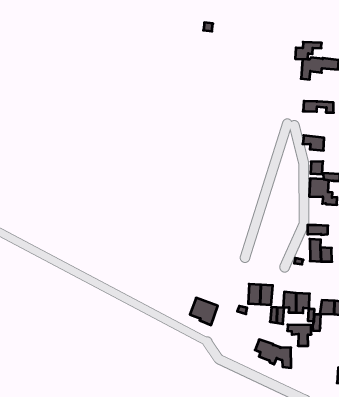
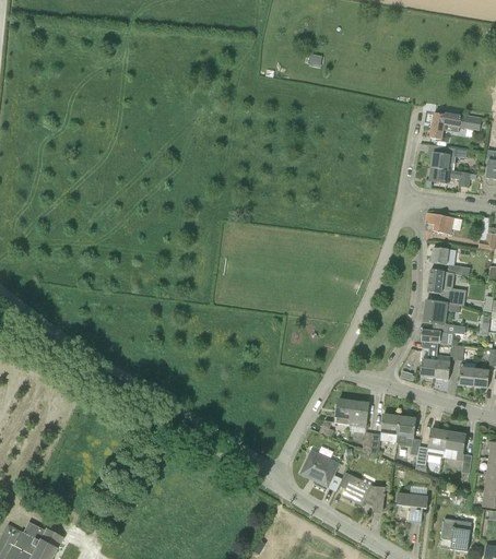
building: [295,42,322,59] -> [432,146,468,169]
building: none -> [424,300,449,332]
building: [190,298,218,325] -> [302,450,339,487]
building: [287,325,311,346] -> [397,492,428,522]

